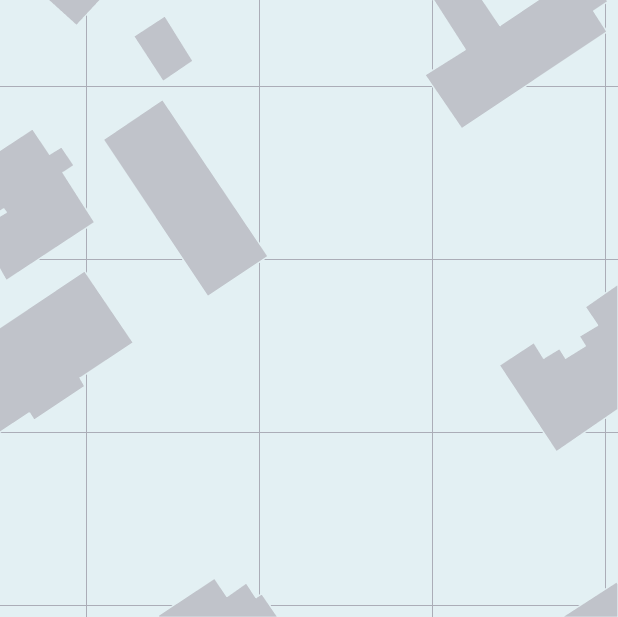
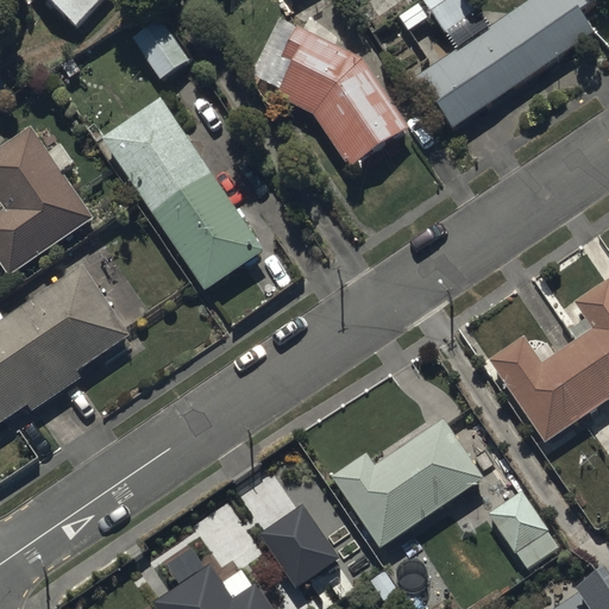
building: none -> [270,21,408,168]
building: none -> [333,417,484,547]
building: none -> [484,490,558,567]
building: none -> [257,503,339,588]

